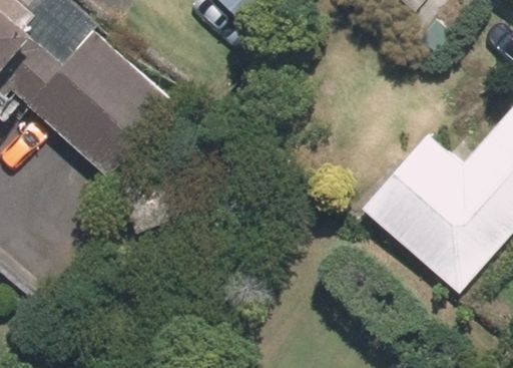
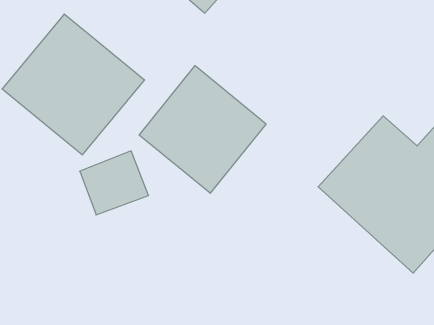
building: none -> [139,66,266,193]

